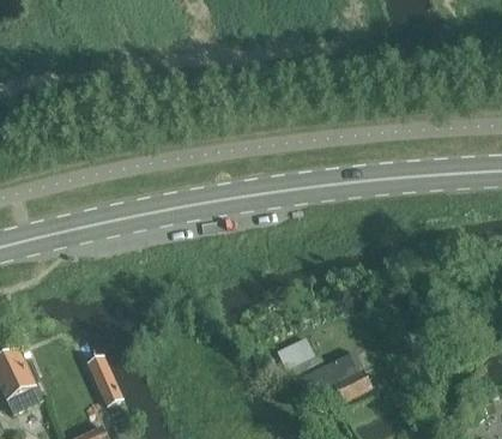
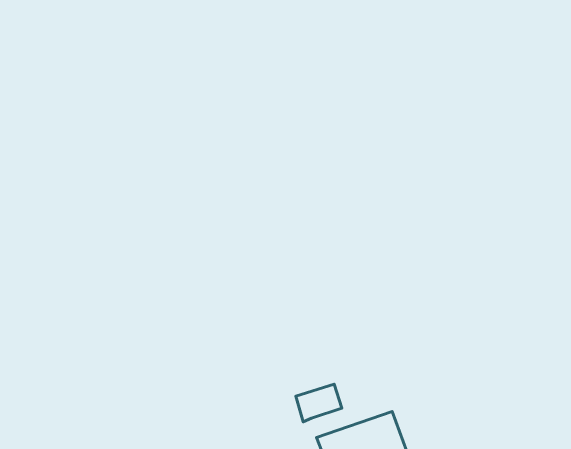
building: [86,355,123,407] -> none

